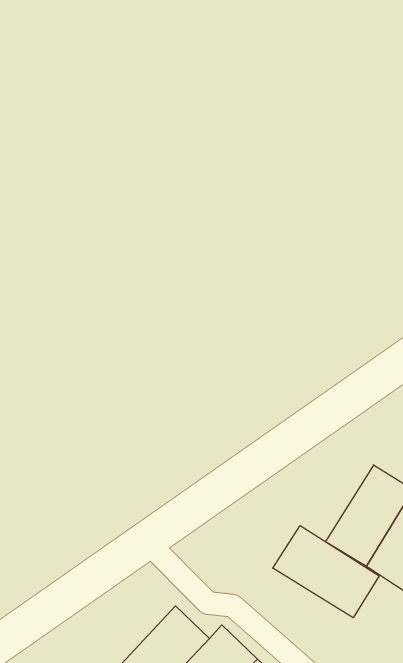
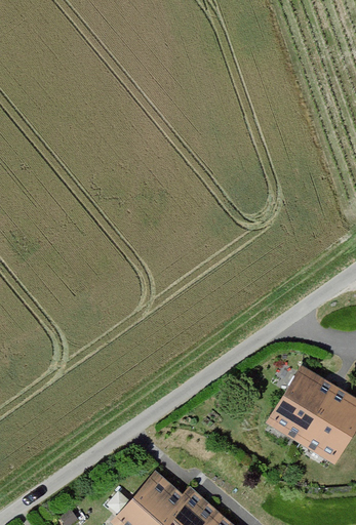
building: [273,526,379,618] -> none

